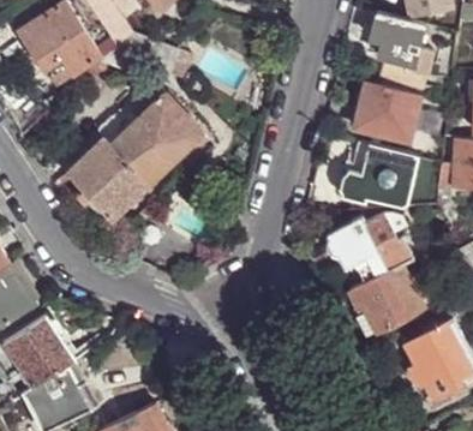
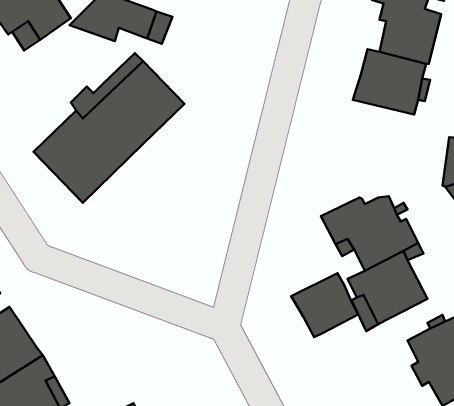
building: [340,143,417,209] -> none
building: none -> [291,273,358,337]

